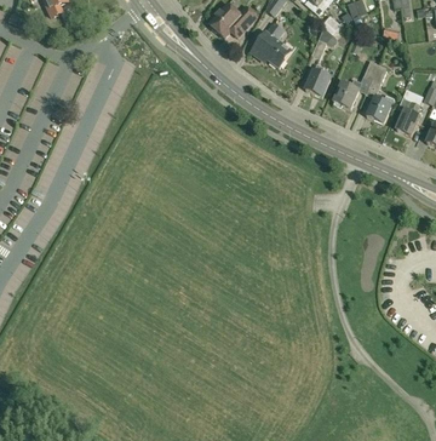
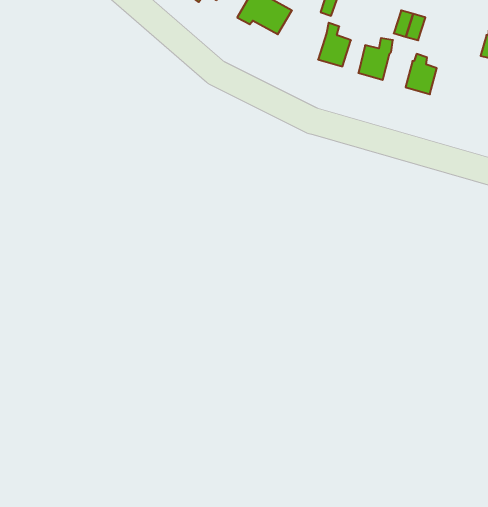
building: [396,97,419,134] -> none

